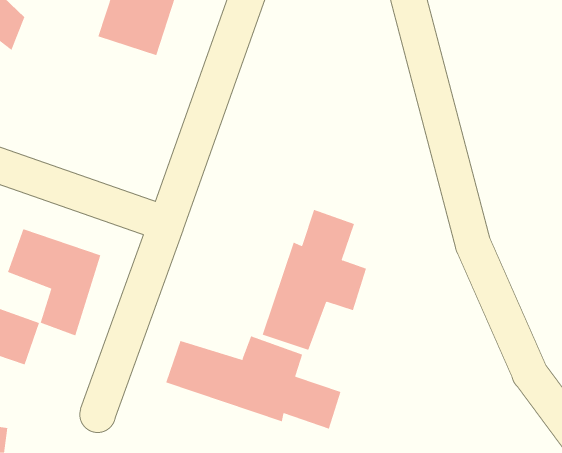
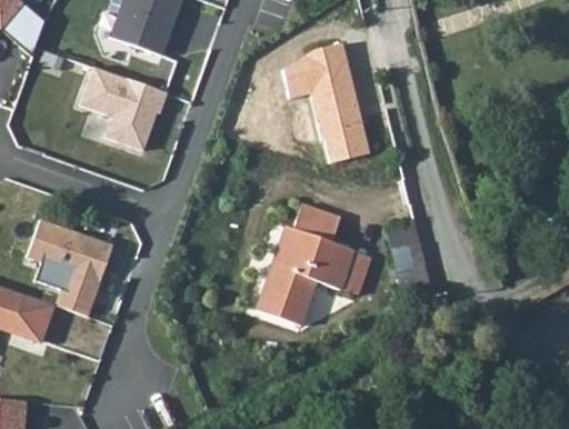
building: none -> [283,40,370,160]
building: none -> [76,67,167,154]
building: [166,335,341,429] -> none

